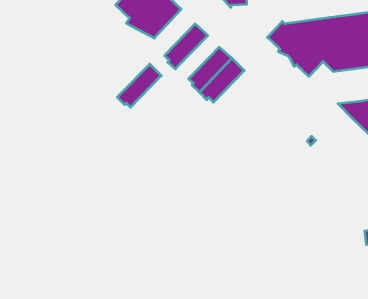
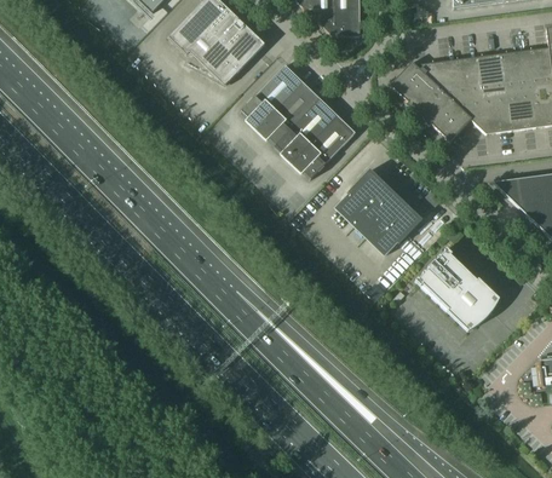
building: [117,64,161,107] -> [257,81,321,144]
building: none -> [335,168,424,255]
building: none -> [418,248,500,329]

